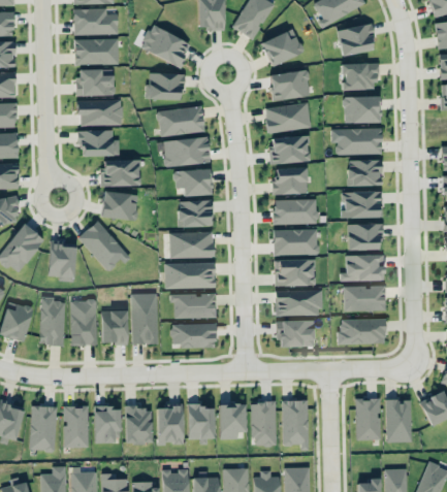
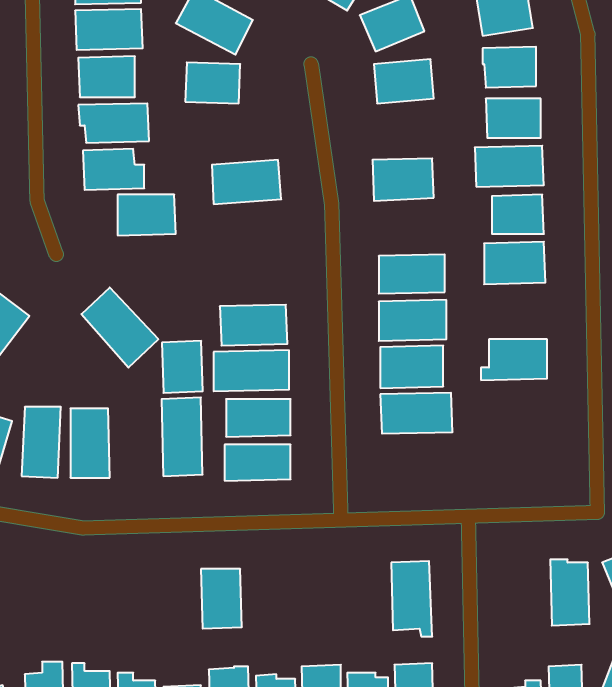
building: [264,102,312,134] -> none
building: [158,106,204,136] -> none
building: [273,167,308,195] -> none
building: [174,169,212,196] -> none
building: [101,191,138,221] -> none
building: [178,200,213,228] -> none
building: [348,224,382,251] -> none
building: [49,242,75,282] -> none
building: [344,286,386,311] -> none
building: [101,310,128,345] -> [162,341,203,393]
building: [339,319,386,345] -> none
building: [278,320,314,348] -> none
building: [356,398,381,439] -> none
building: [252,402,276,447] -> none
building: [219,404,246,439] -> none
building: [188,405,214,440] -> none
building: [30,406,57,451] -> none
building: [64,406,89,448] -> none
building: [94,406,121,441] -> none
building: [125,407,152,444] -> none

